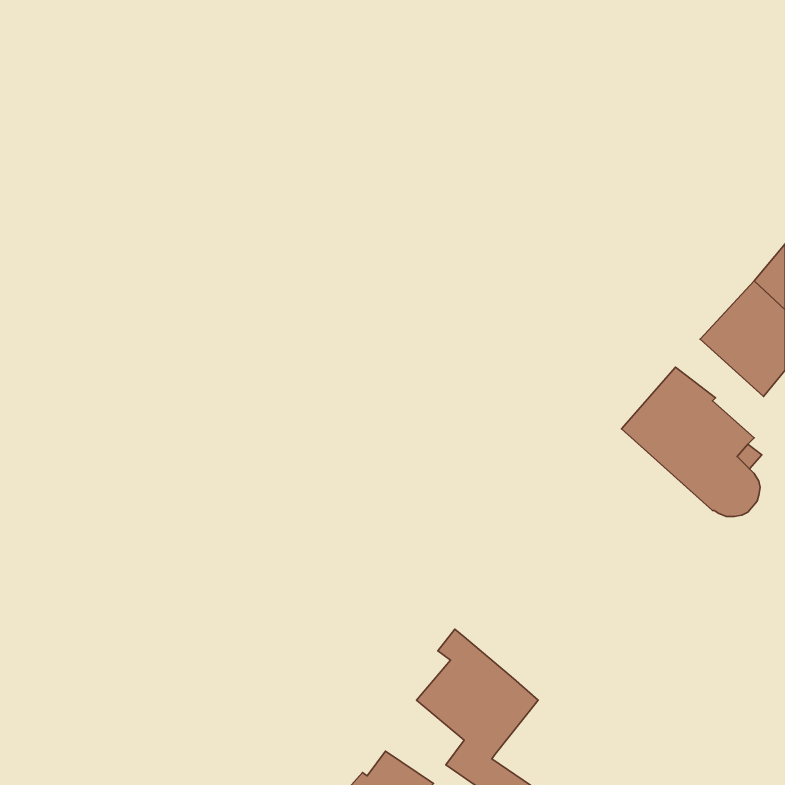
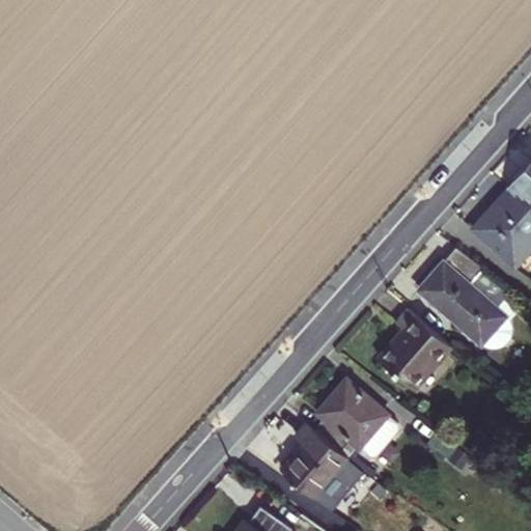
building: none -> [376,309,451,391]
building: none -> [312,380,392,458]

